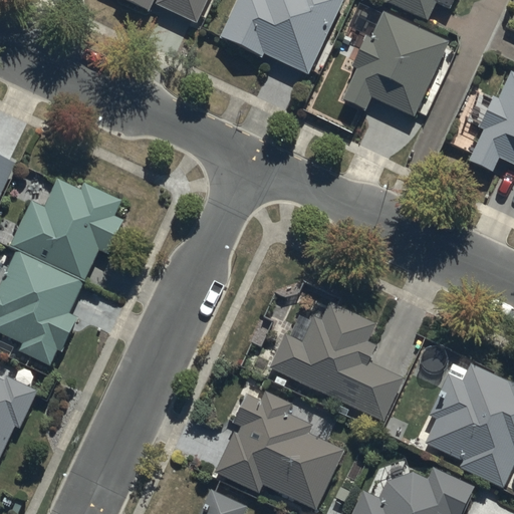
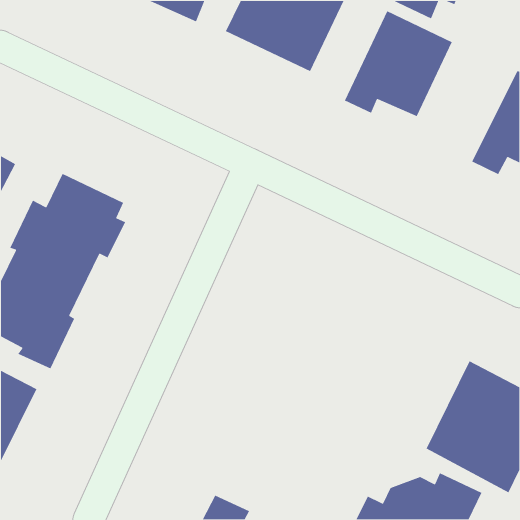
building: [268,300,405,421] -> none
building: [212,393,343,509] -> none

